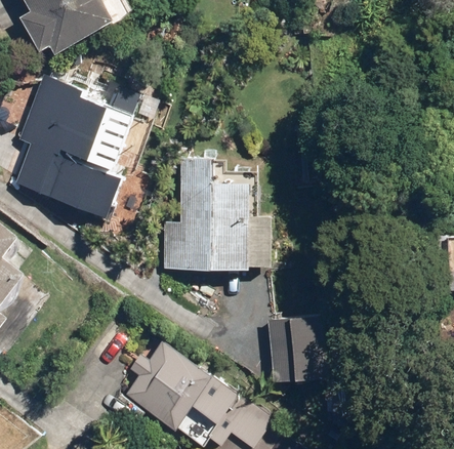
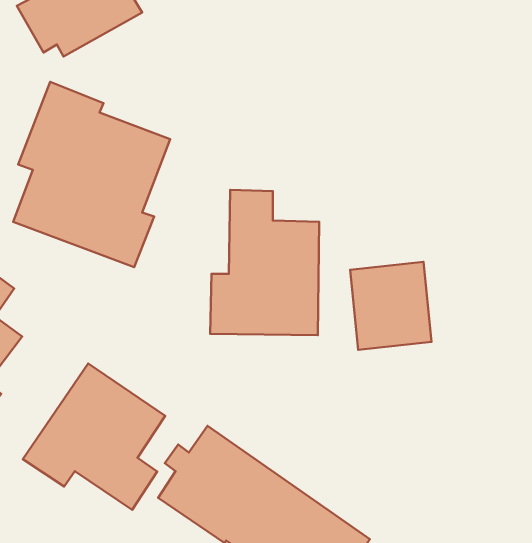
building: none -> [23,363,165,510]
building: [267,314,330,381] -> [350,262,431,350]

